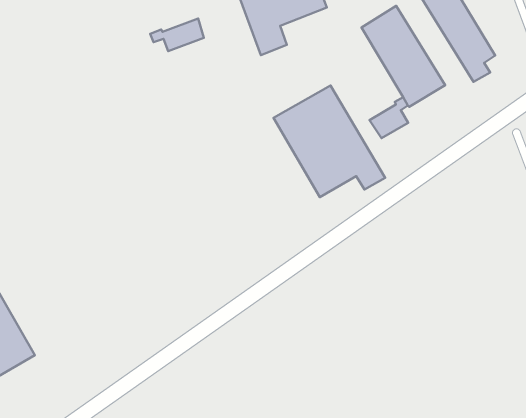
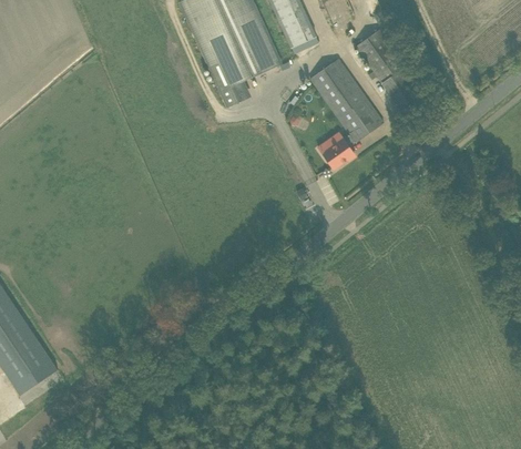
building: [150,19,204,51] -> none
building: [273,85,385,197] -> none

